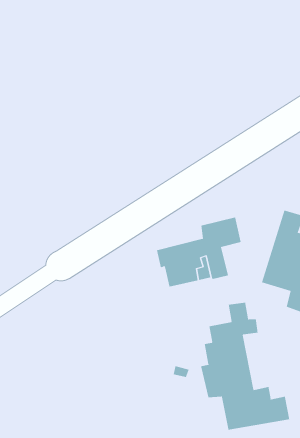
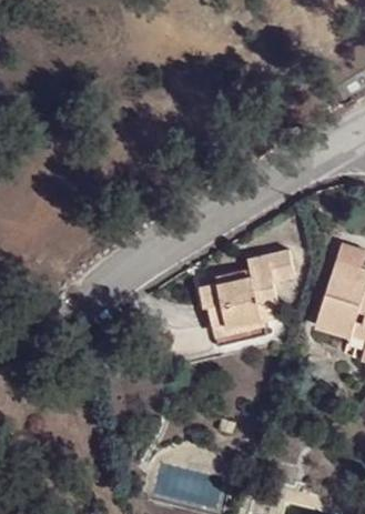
building: [200,302,290,431] -> none

